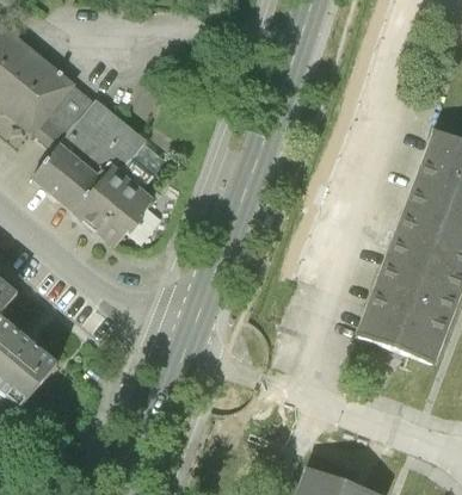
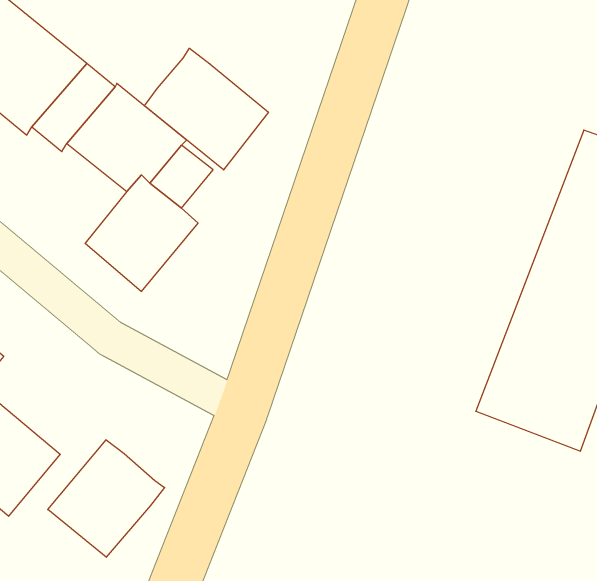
building: none -> [144,48,268,170]
building: [33,141,106,212] -> none
building: none -> [48,440,165,557]

